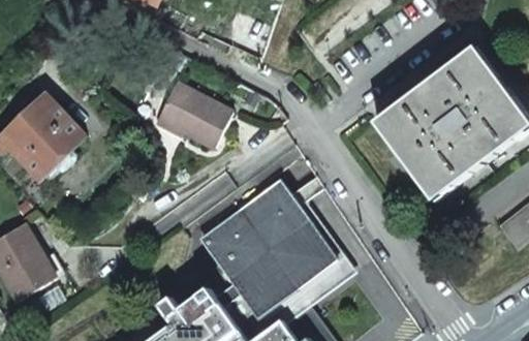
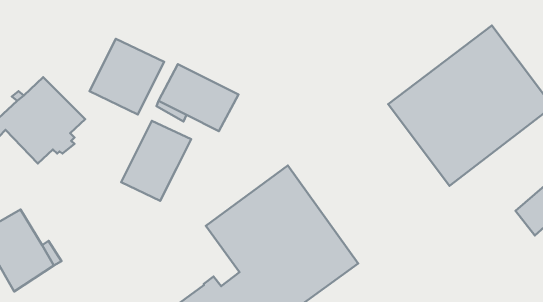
building: none -> [89,39,164,114]
building: none -> [121,121,191,201]

